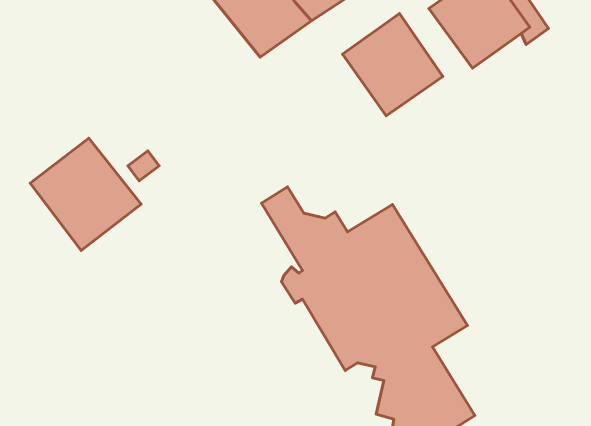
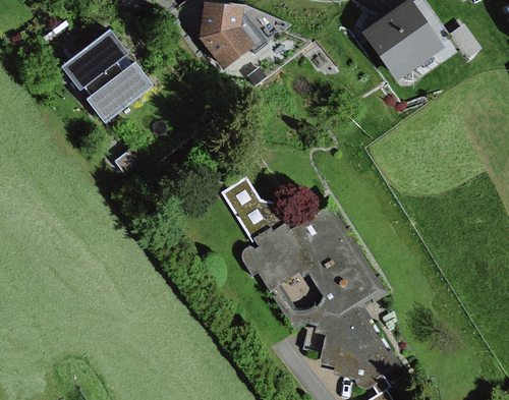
building: [342,14,443,116] -> none
building: [30,138,141,251] -> [60,32,151,123]

